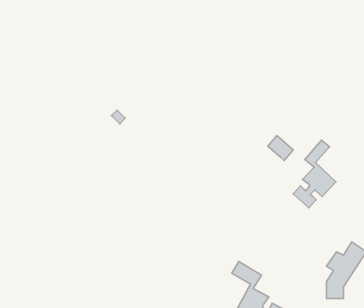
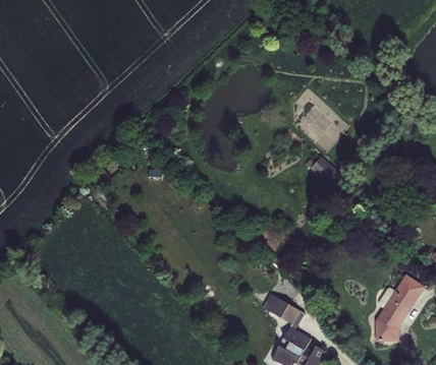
building: [293,140,336,208] -> none

